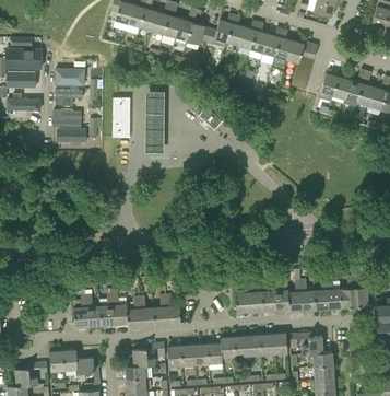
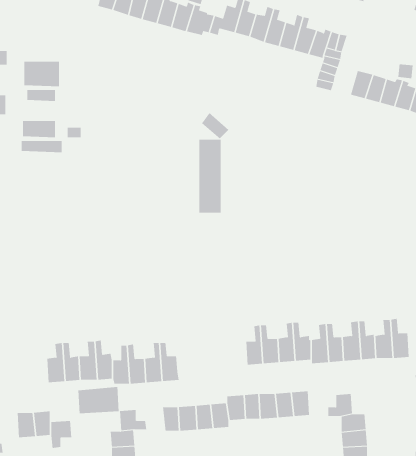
building: [145,92,164,152] -> [199,139,221,213]
building: [113,97,130,138] -> none
building: none -> [78,386,119,414]

